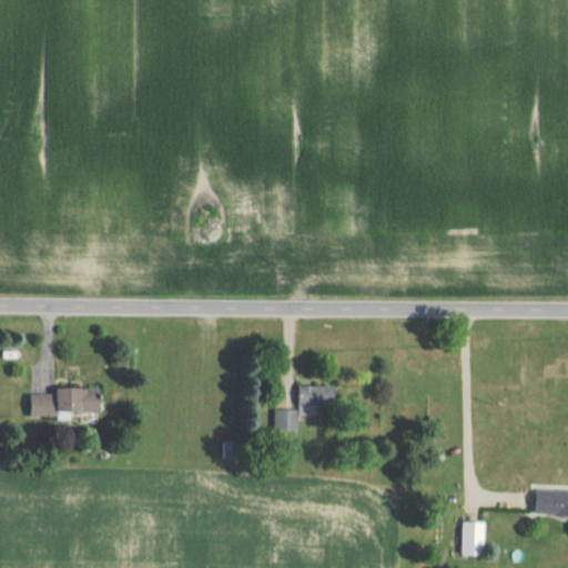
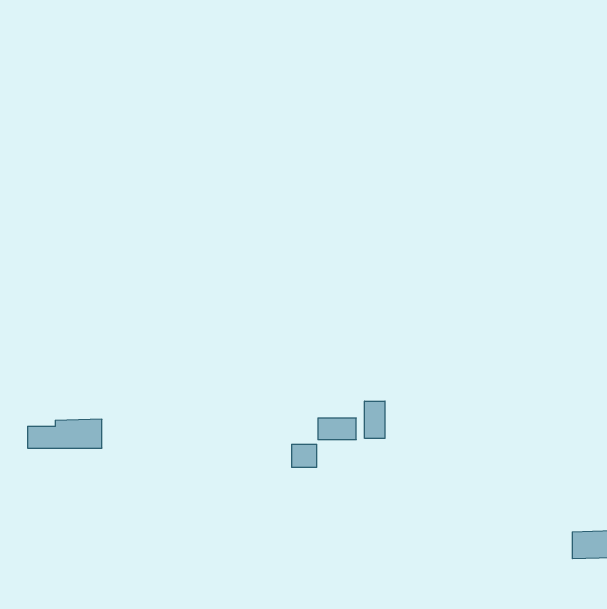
building: none -> [365,401,385,438]
building: [463,523,485,556] -> none

